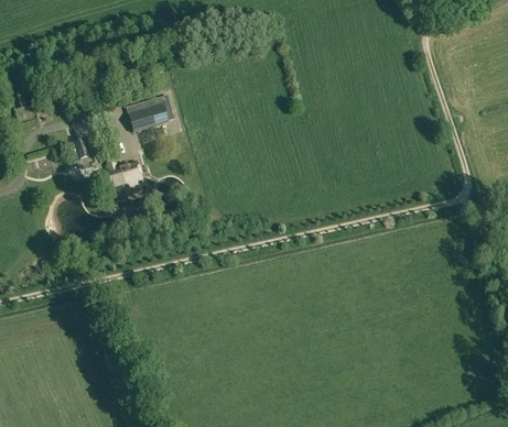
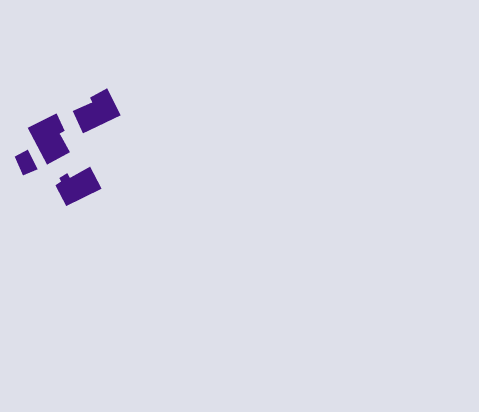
building: none -> [27,112,71,166]

